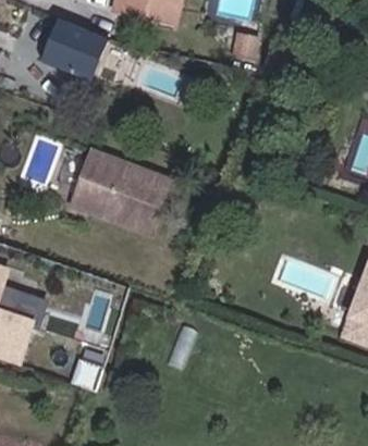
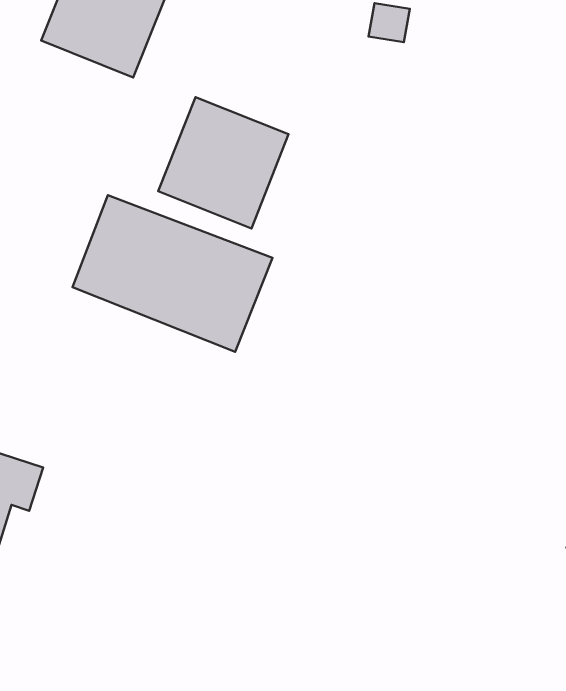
building: none -> [158,97,289,228]

